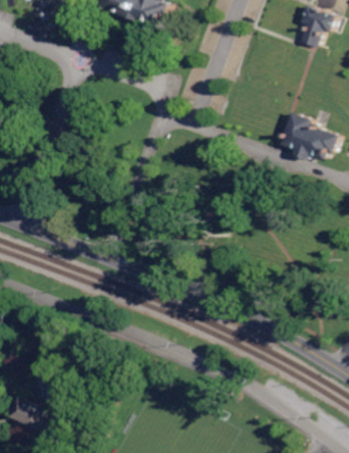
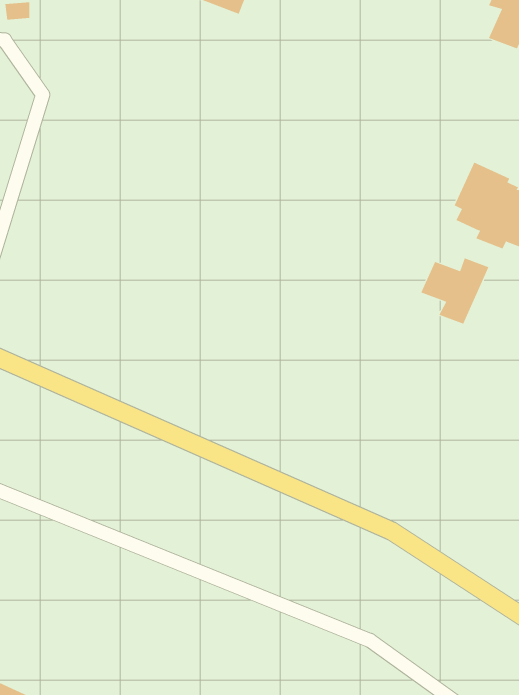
building: none -> [420,258,489,324]

